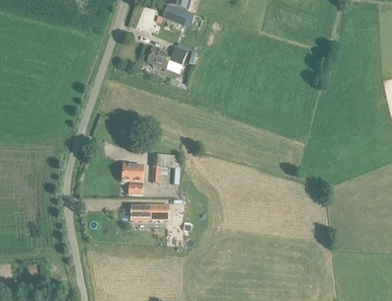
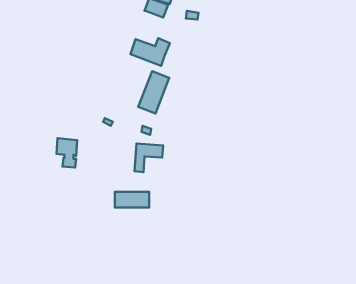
building: none -> [138,71,169,113]
building: [122,163,143,194] -> [57,138,77,168]

